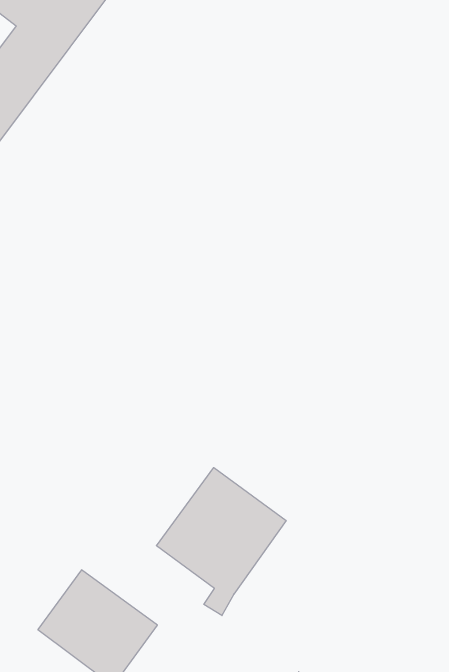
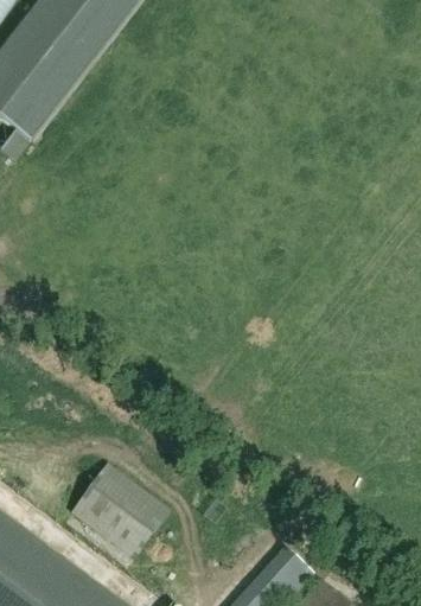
building: [156,468,286,616] -> none

